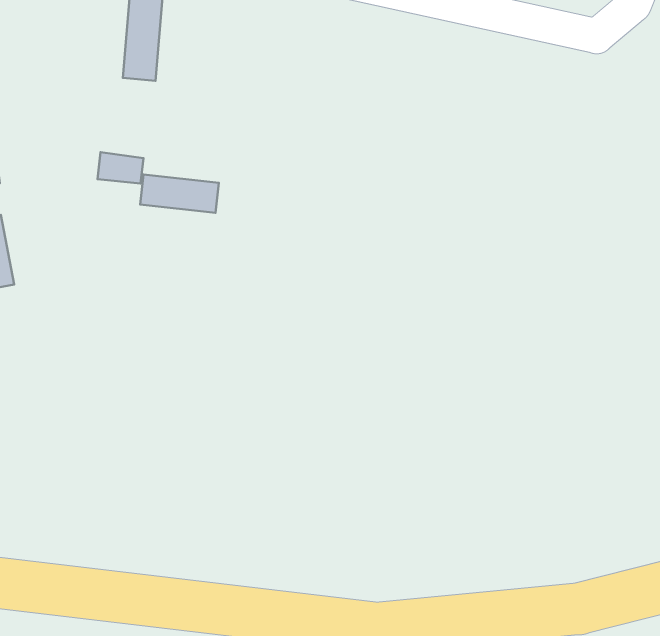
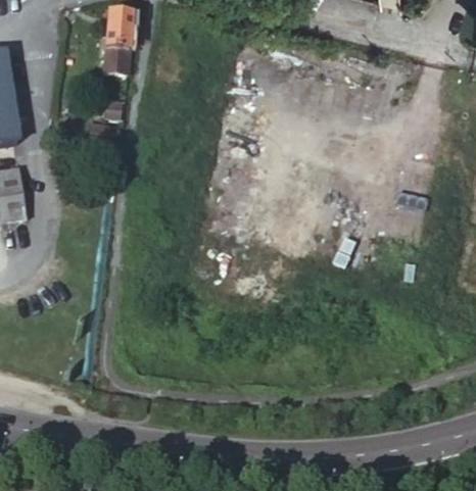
building: [140,174,219,213] -> none

